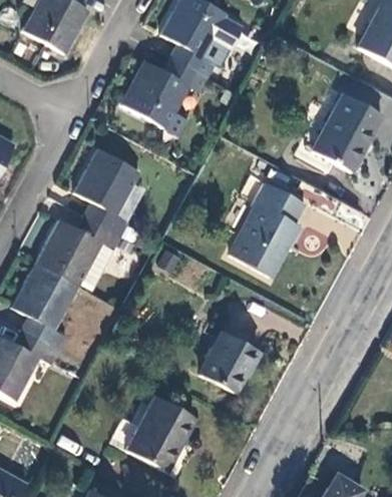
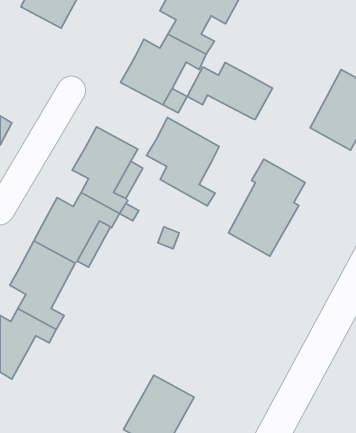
building: none -> [187,63,272,120]
building: none -> [147,117,219,206]
building: [200,332,260,393] -> none

